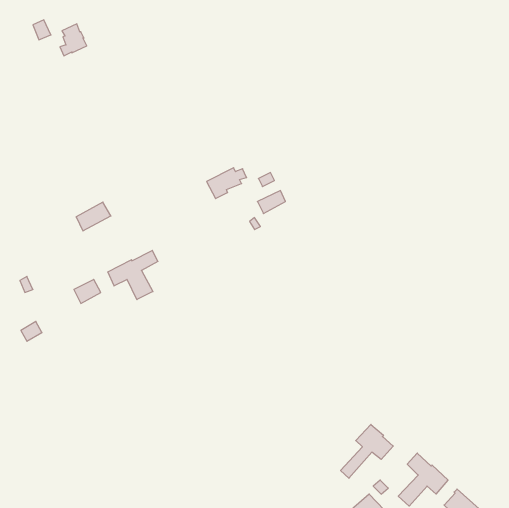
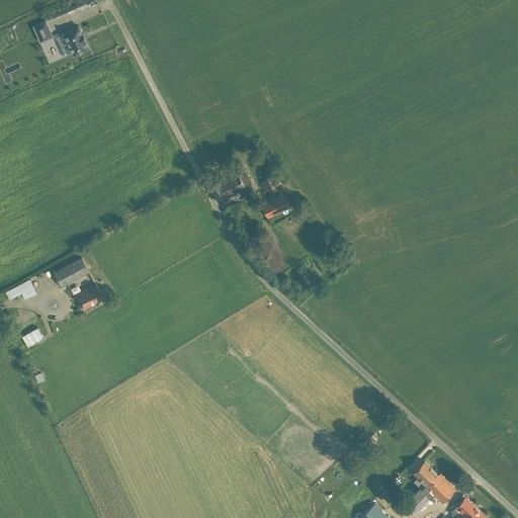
building: [76,202,111,231] -> [55,259,90,288]
building: [108,250,158,300] -> none
building: [341,424,393,478] -> none

